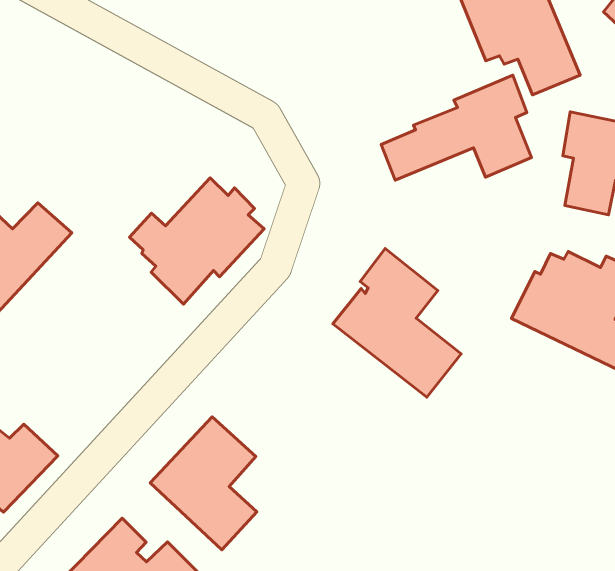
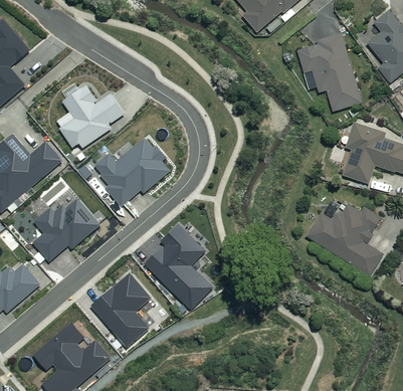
building: [381,75,531,180] -> none
building: none -> [57,84,126,147]
building: [333,248,461,397] -> [144,223,214,310]
building: none -> [33,198,99,261]

